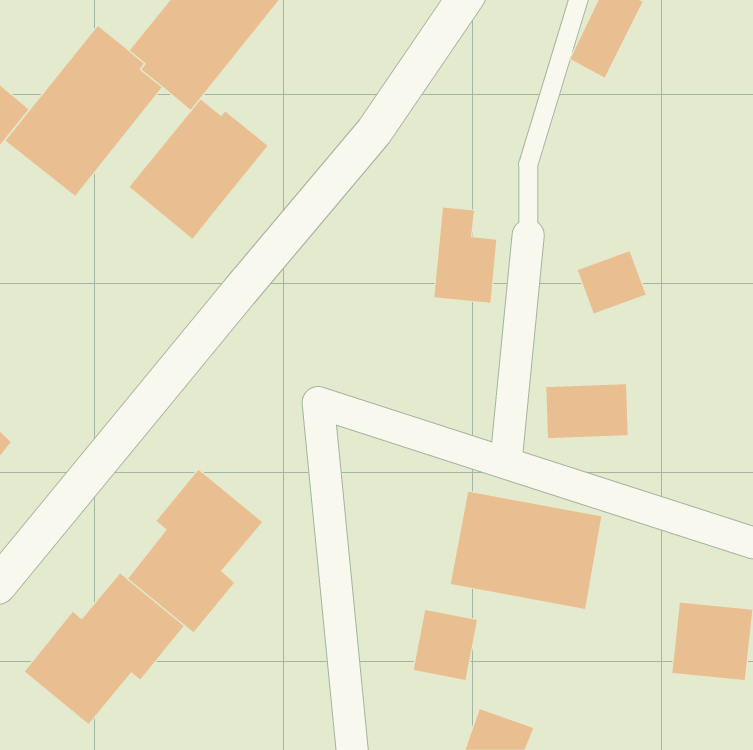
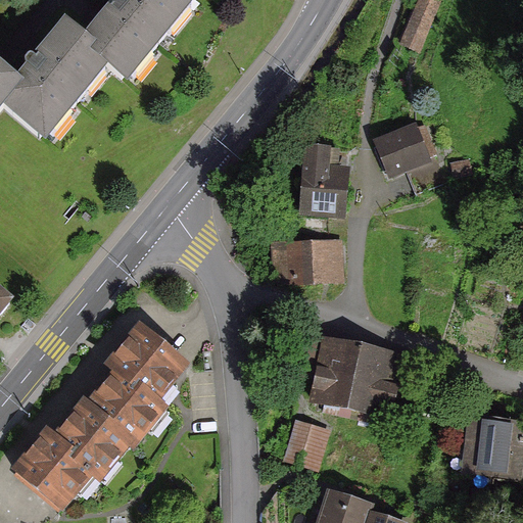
building: [128,99,269,240] -> none
building: [577,251,646,314] -> [376,124,424,168]
building: [546,384,628,439] -> [279,239,336,277]

